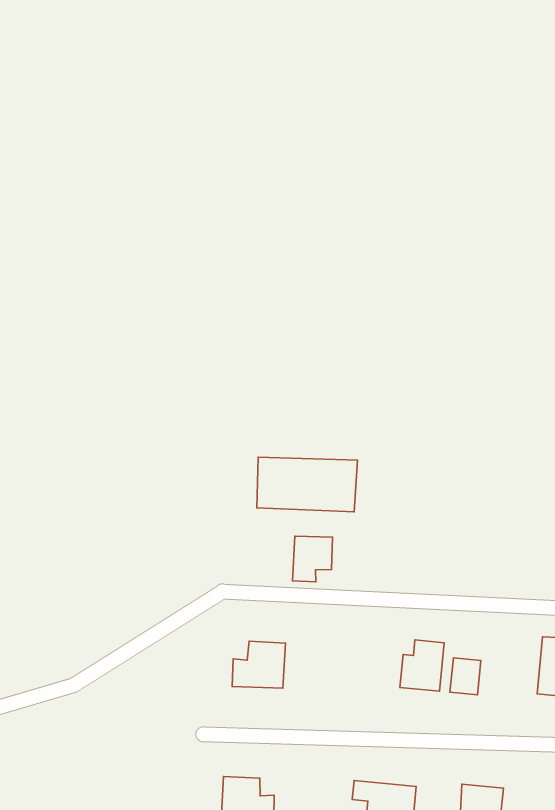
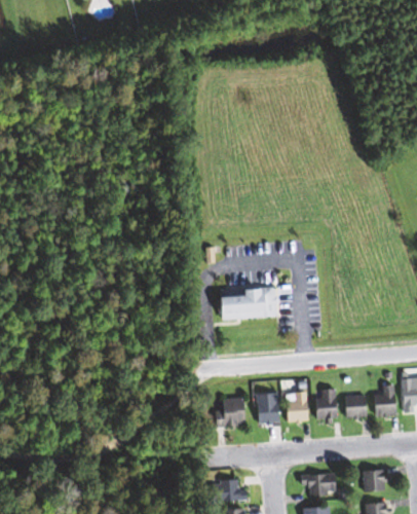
building: [293,536,333,582] -> none
building: none -> [259,393,282,424]
building: none -> [289,392,311,421]
building: none -> [369,386,392,416]

